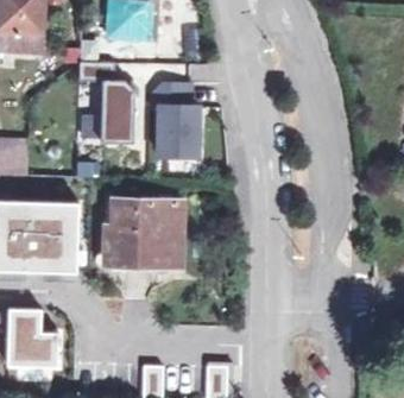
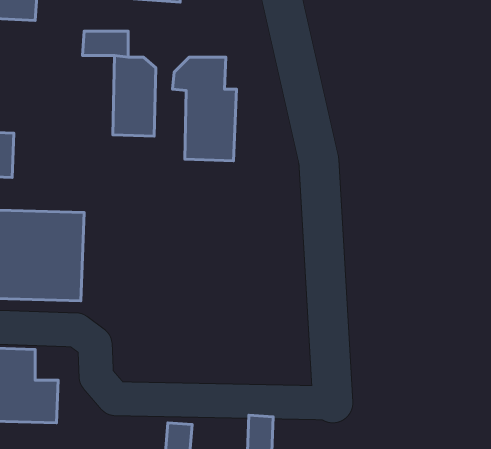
building: [103,198,181,265] -> none

